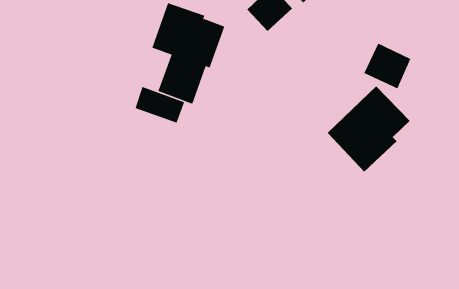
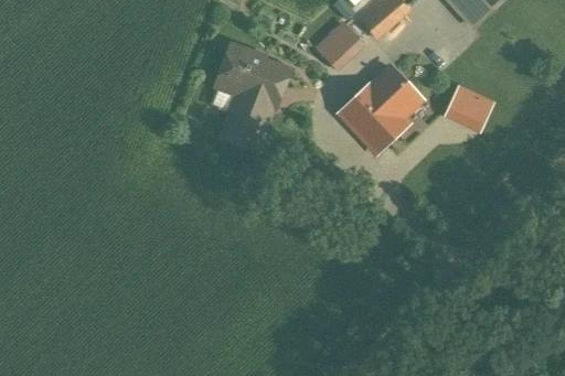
building: [327,86,411,172] -> [335,62,427,157]
building: [135,86,185,123] -> none

